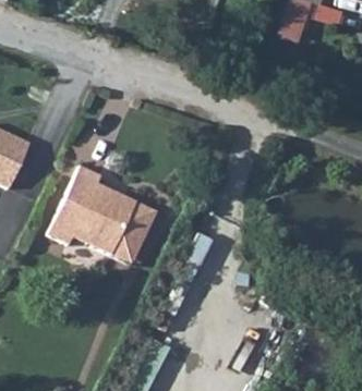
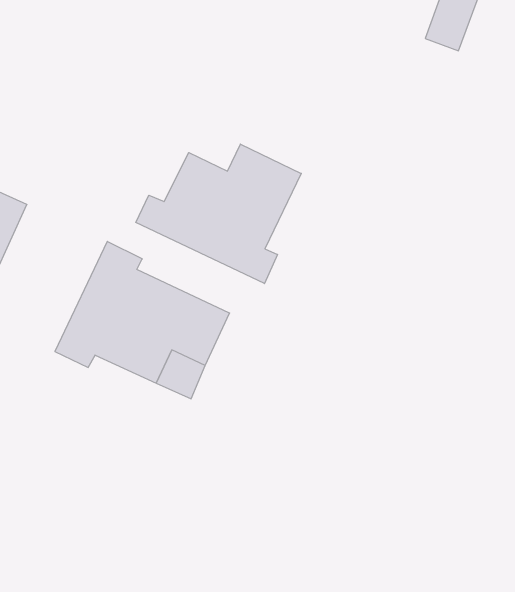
building: none -> [136,144,301,284]

